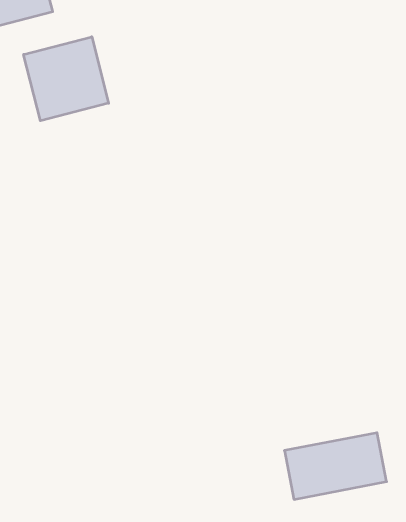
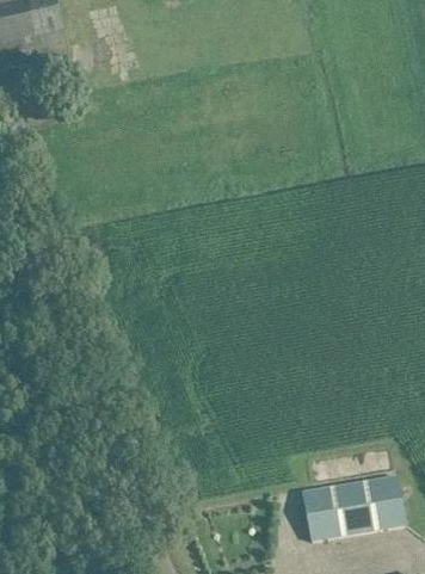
building: [24,37,109,121] -> none

